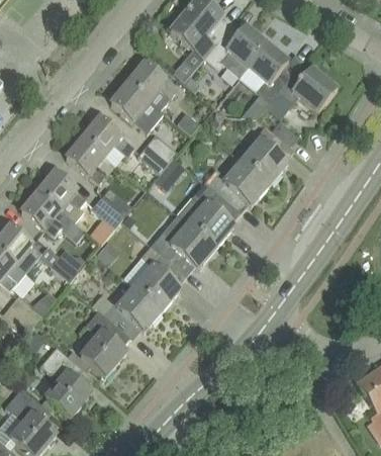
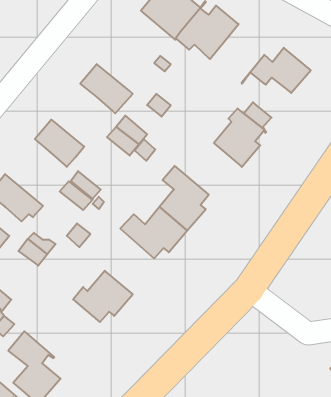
building: [247,42,291,100] -> none
building: [126,62,176,108] -> none
building: [82,116,133,163] -> none
building: [203,160,269,210] -> none
building: [36,170,85,221] -> none
building: [134,244,183,308] -> none
building: [80,308,129,375] -> none

